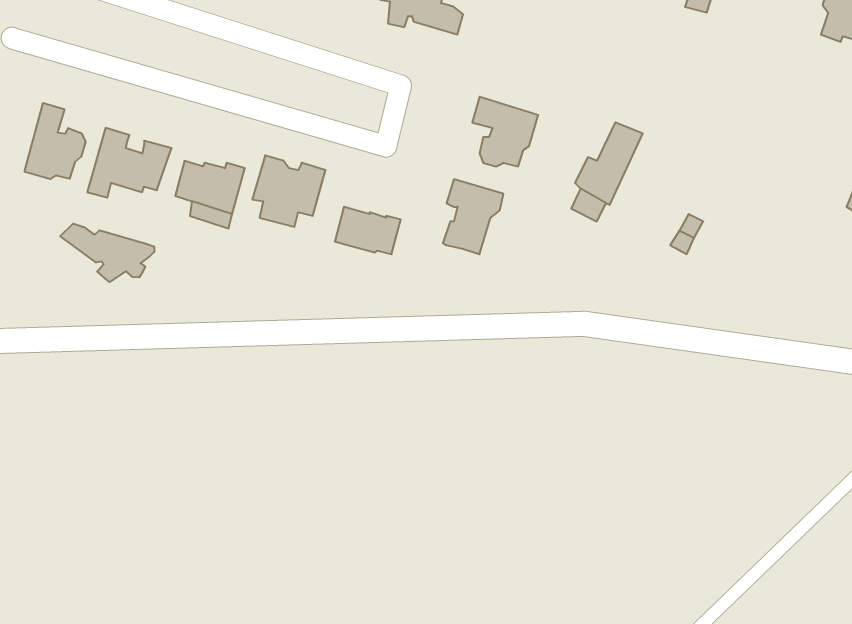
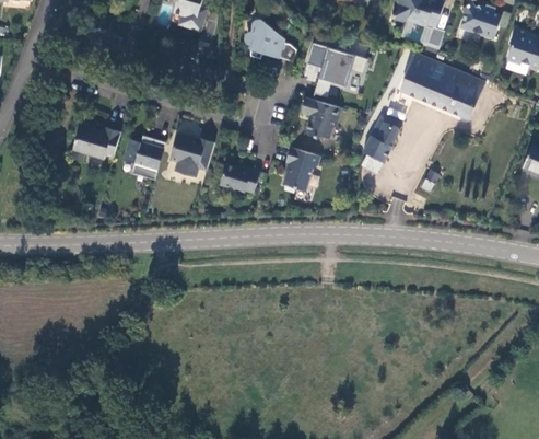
building: none -> [313,49,363,95]
building: none -> [398,54,487,120]
building: [25,103,86,179] -> none
building: [60,224,154,282] -> none

